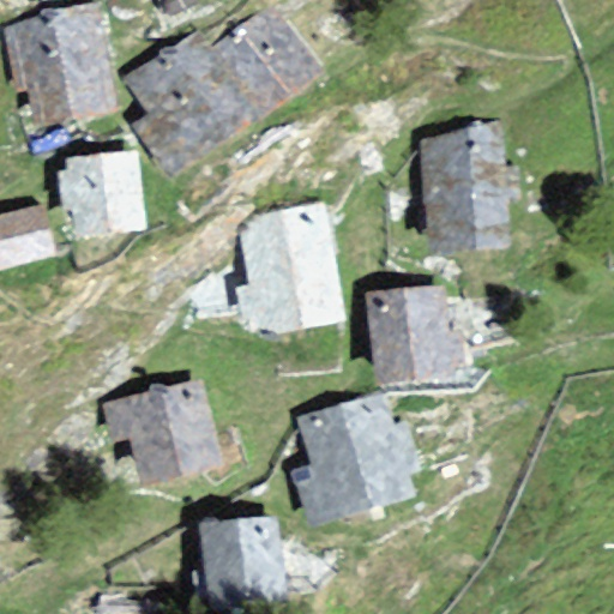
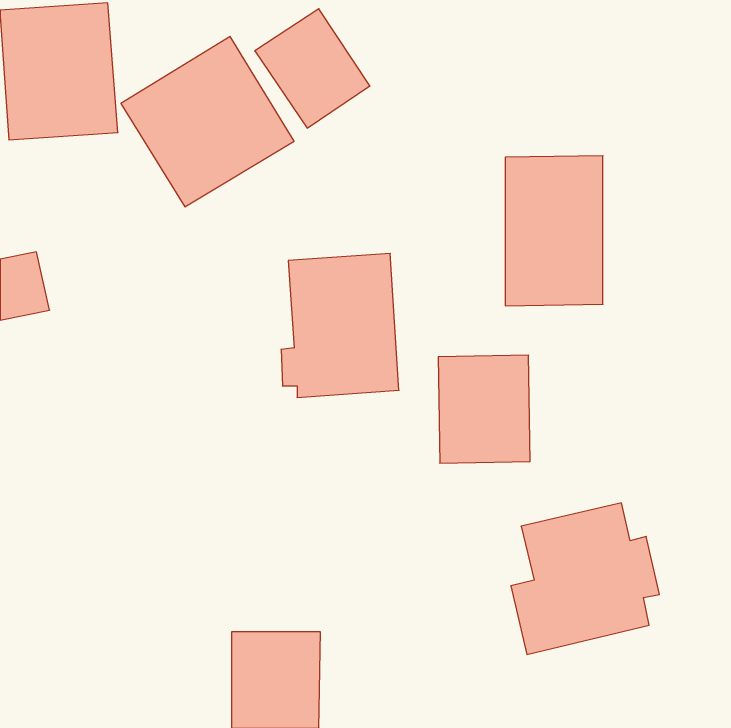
building: [58,151,133,231] -> none
building: [113,385,221,478] -> none
building: [293,396,415,520] -> [511,503,659,654]

